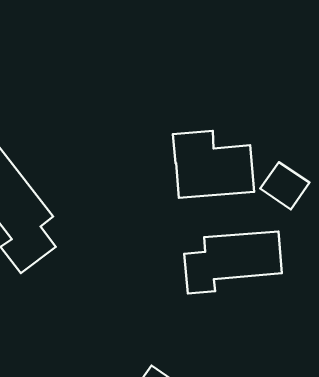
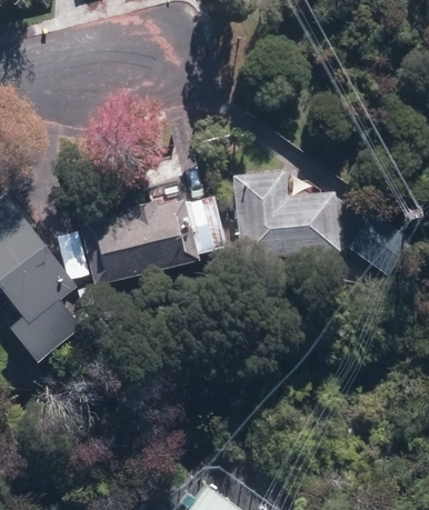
building: none -> [78,194,228,287]
building: [184,232,282,293] -> none

